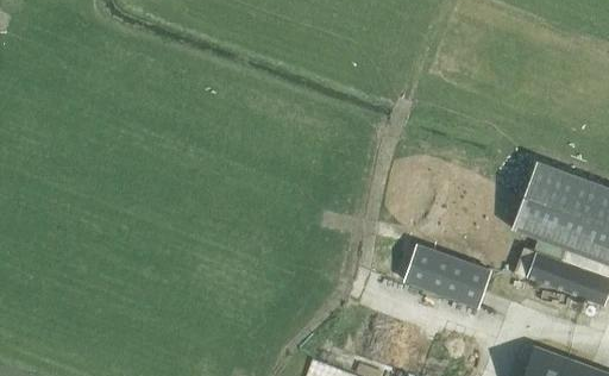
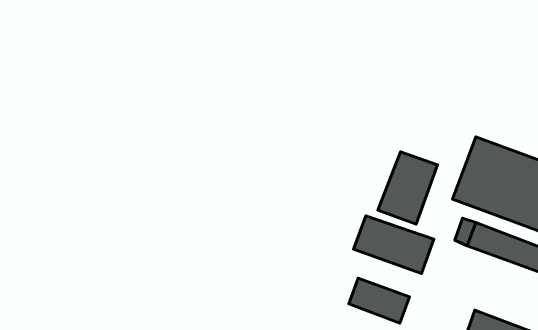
building: none -> [378,152,438,224]
building: none -> [349,278,409,323]

